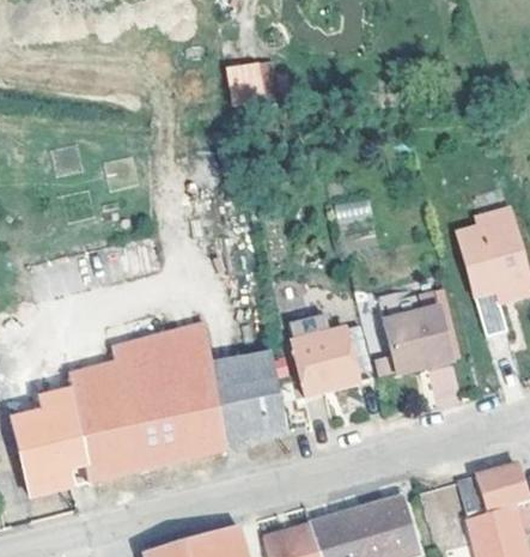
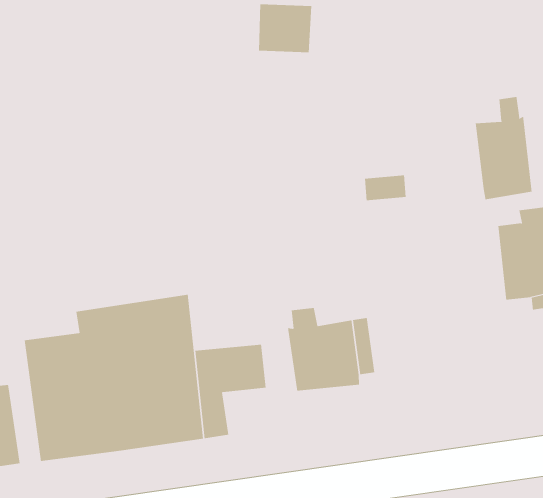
building: none -> [475,96,532,200]
building: [386,305,455,371] -> none
building: [240,395,285,440] -> none

